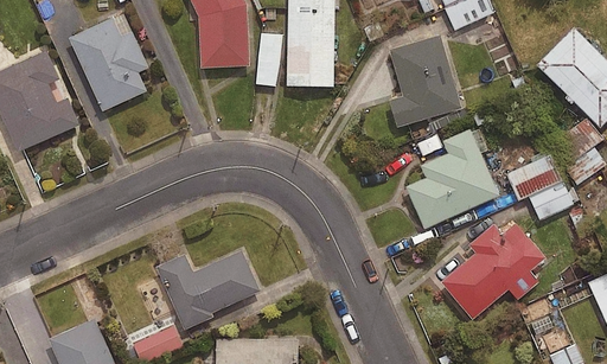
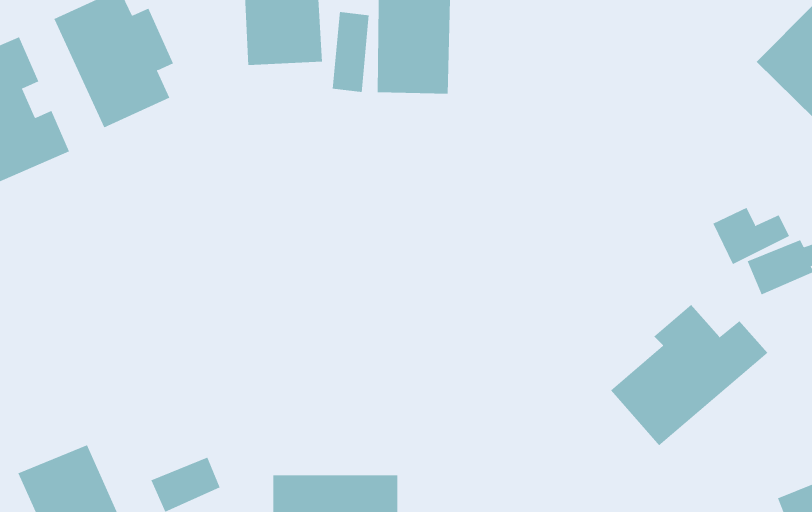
building: [389,36,460,127] -> none
building: [405,128,499,229] -> none
building: [156,249,261,328] -> none

